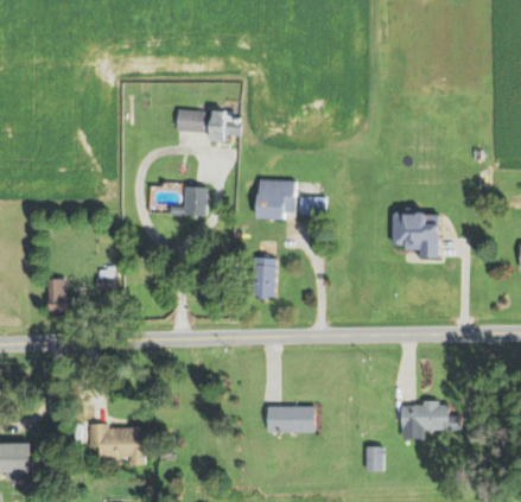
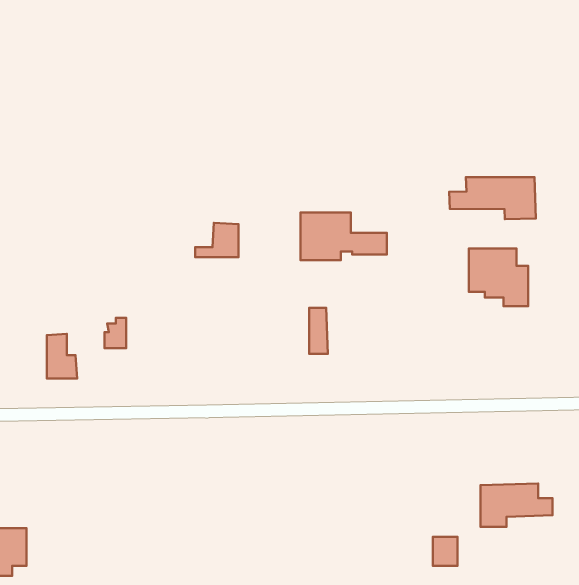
building: [173,110,237,142] -> none
building: none -> [449,177,536,219]
building: [271,406,317,433] -> none
building: [88,422,144,465] -> none

